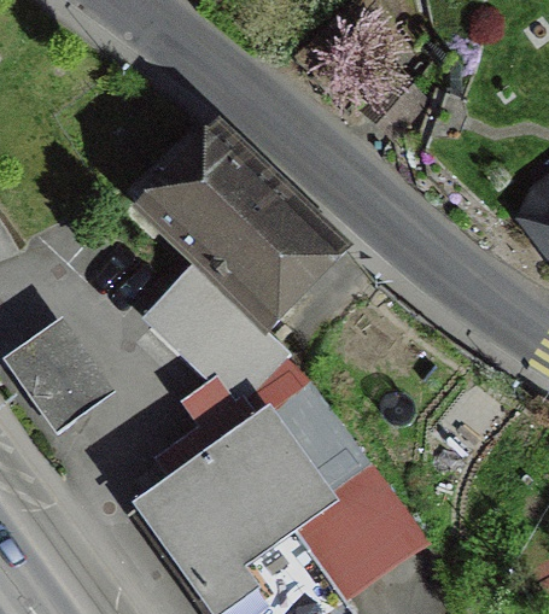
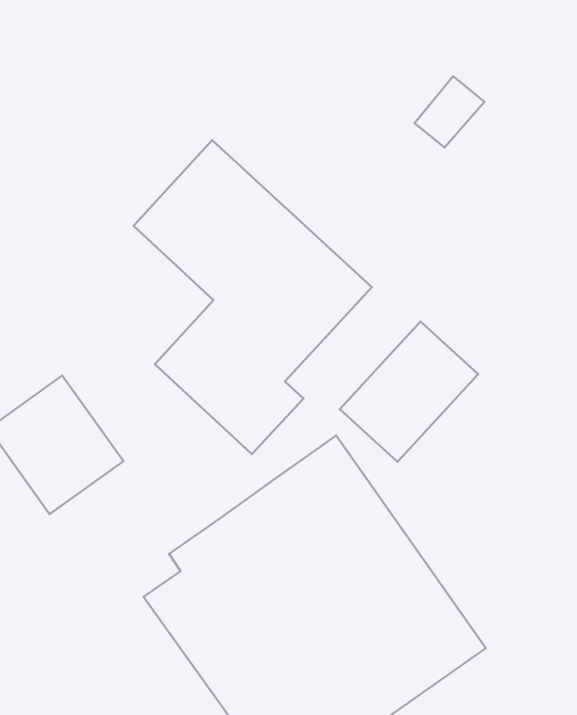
building: none -> [340,322,478,462]

